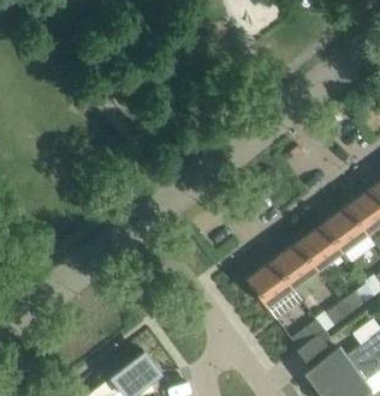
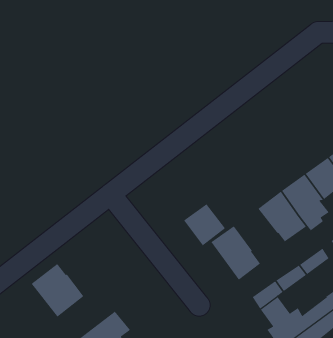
building: [271,242,316,288] -> [183,204,226,246]
building: none -> [31,263,84,318]

